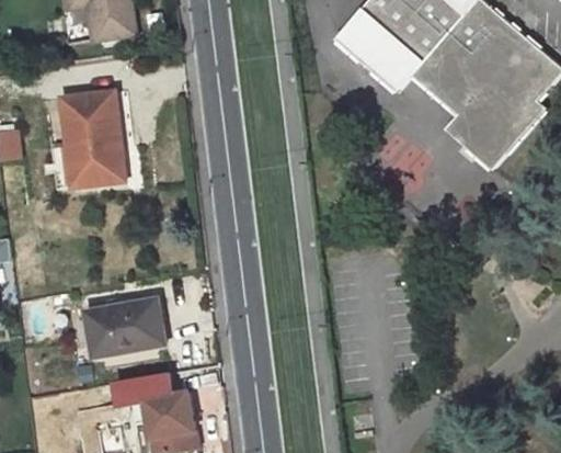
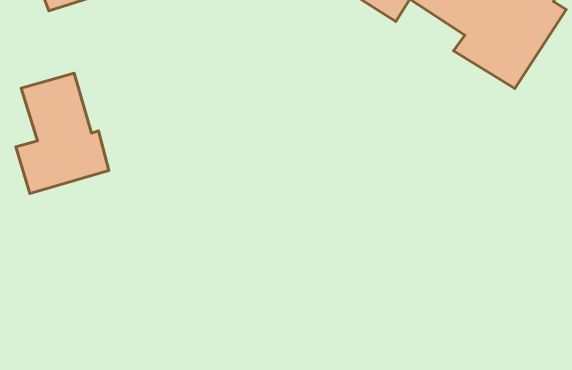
building: [89,301,168,352] -> none

